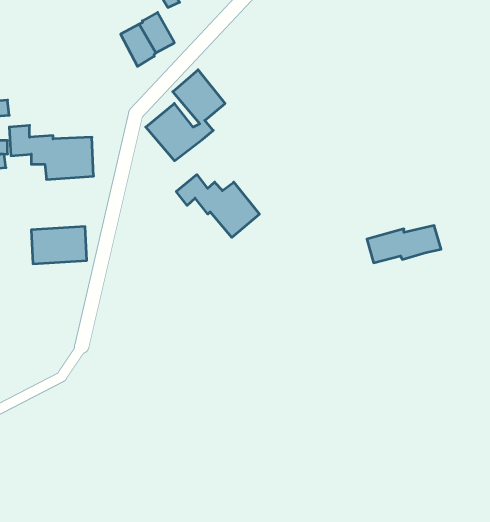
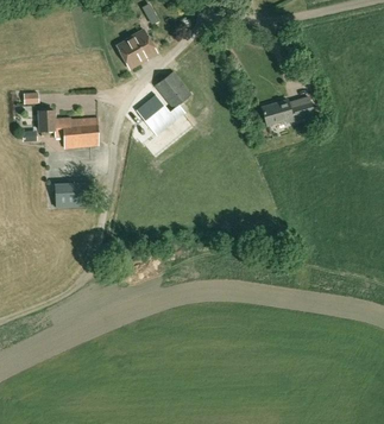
building: [176,175,259,237] -> none
building: [367,226,441,263] -> [260,96,313,122]

